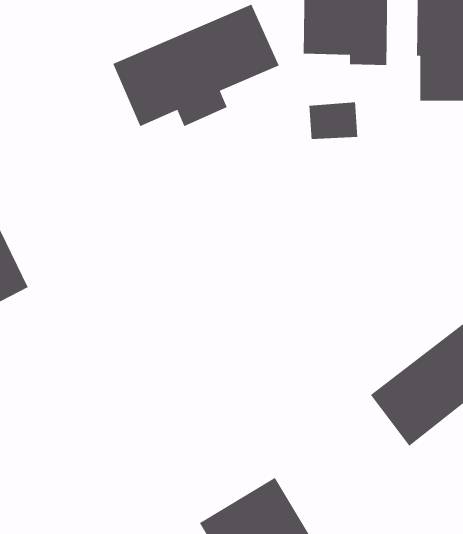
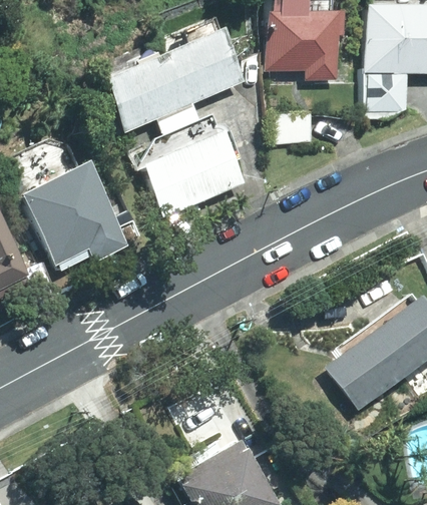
building: none -> [144,128,248,216]
building: none -> [21,156,129,275]

